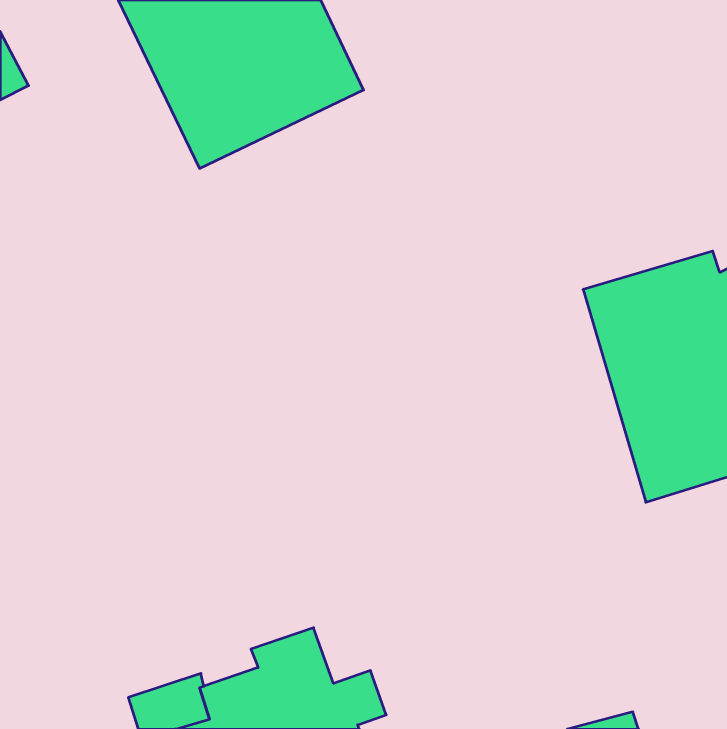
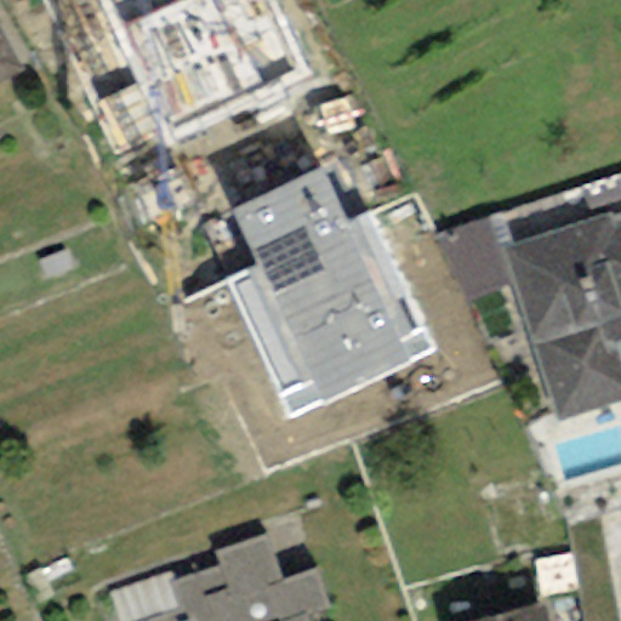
building: none -> [230,167,437,416]

